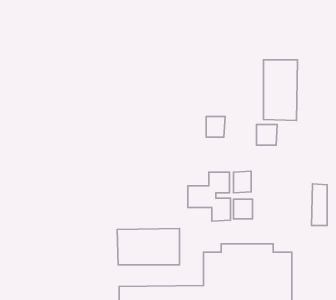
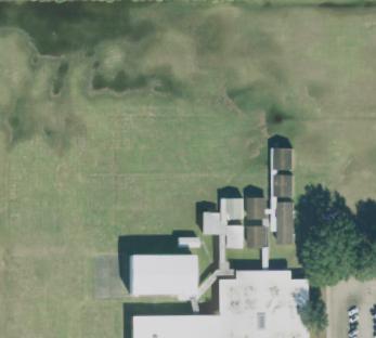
building: [263,60,297,121] -> none
building: [206,116,225,137] -> [274,174,294,196]
building: [312,184,327,226] -> [277,200,294,244]

